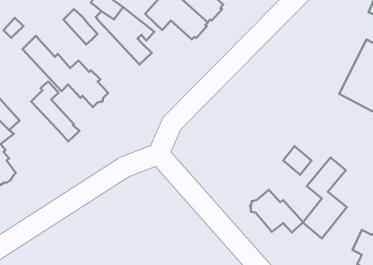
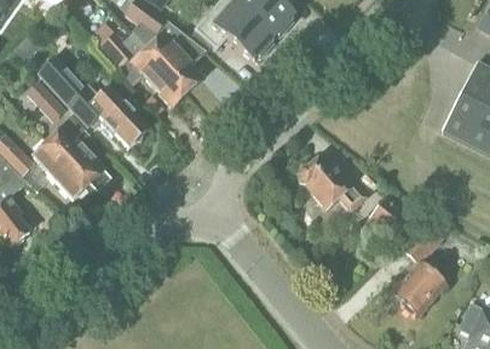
building: none -> [123,34,188,107]
building: none -> [25,79,68,122]
building: none -> [34,139,90,196]
building: [250,190,303,233] -> [298,154,365,208]

